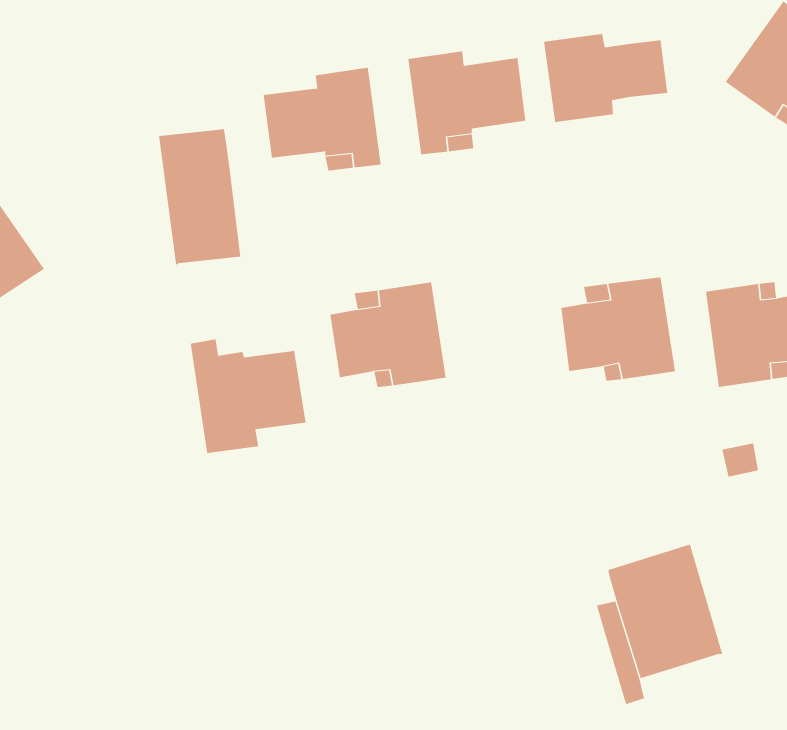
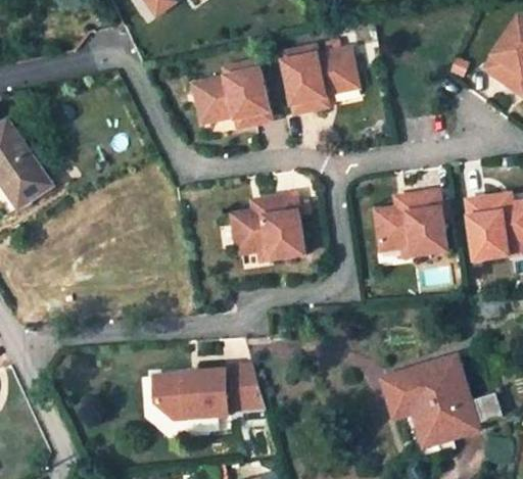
building: [544,33,668,123] -> none
building: [158,129,241,266] -> none
building: [190,339,306,454] -> none
building: none -> [155,365,266,418]

